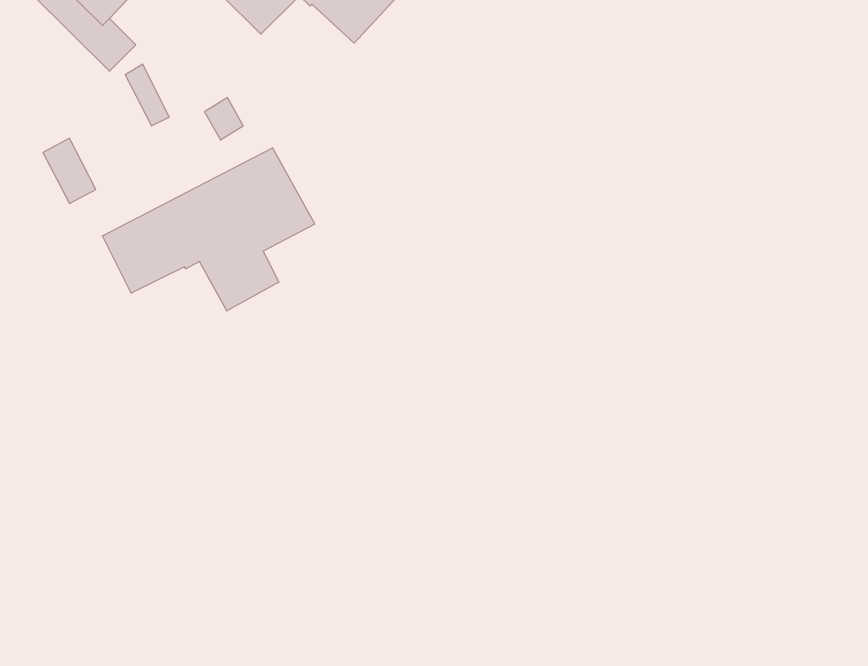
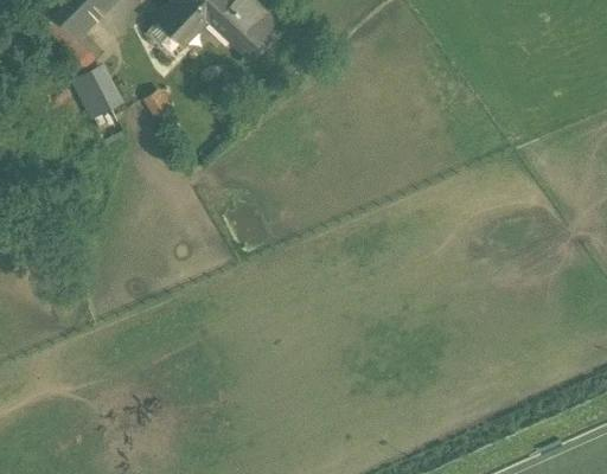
building: [43,138,96,203] -> [76,73,111,117]
building: [102,148,315,311] -> none

